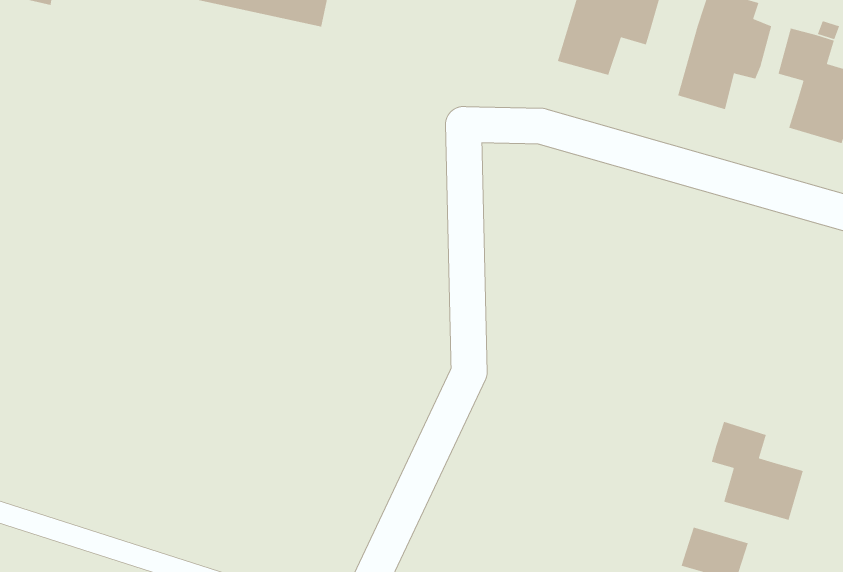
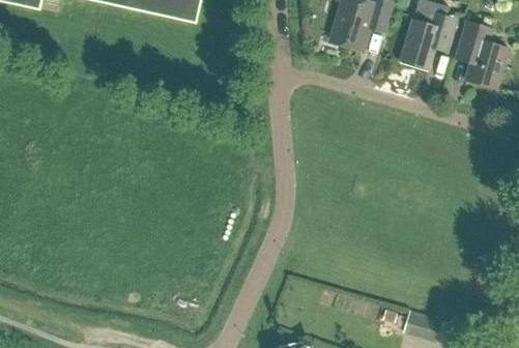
building: [711,421,804,521] -> none

